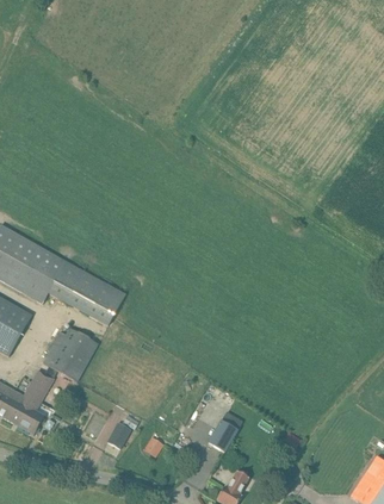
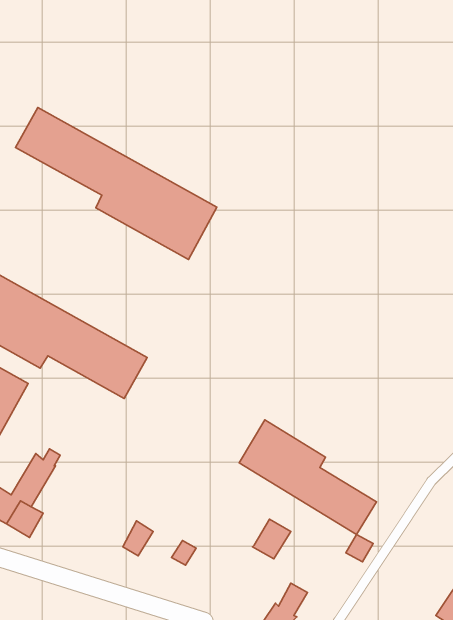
building: none -> [16,107,217,260]
building: [45,321,100,379] -> none
building: none -> [239,420,377,534]

